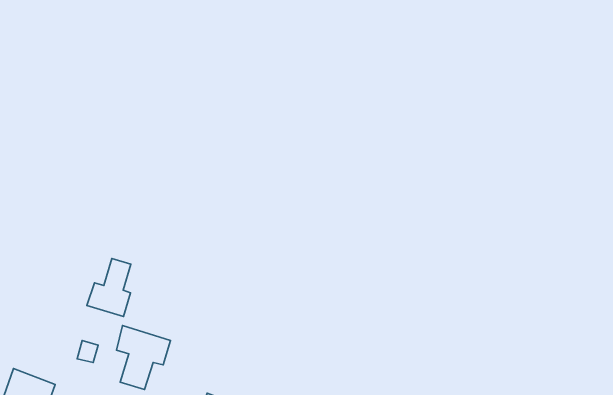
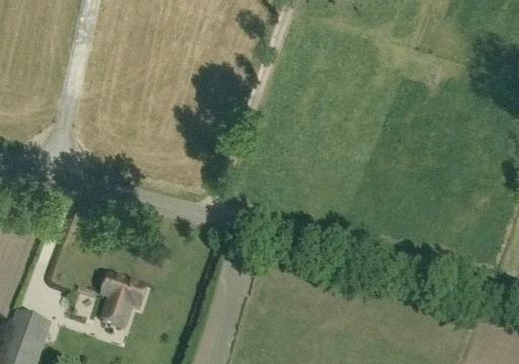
building: [87,258,131,316] -> none

